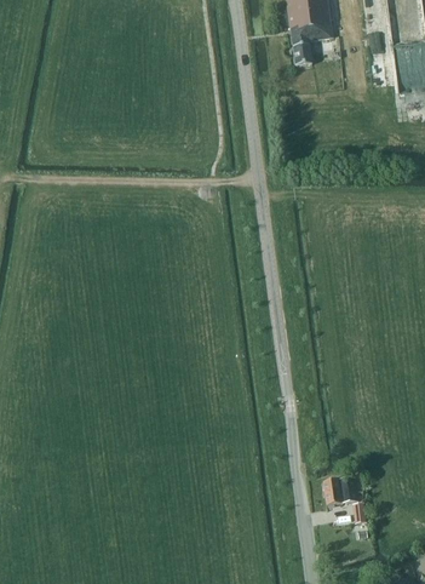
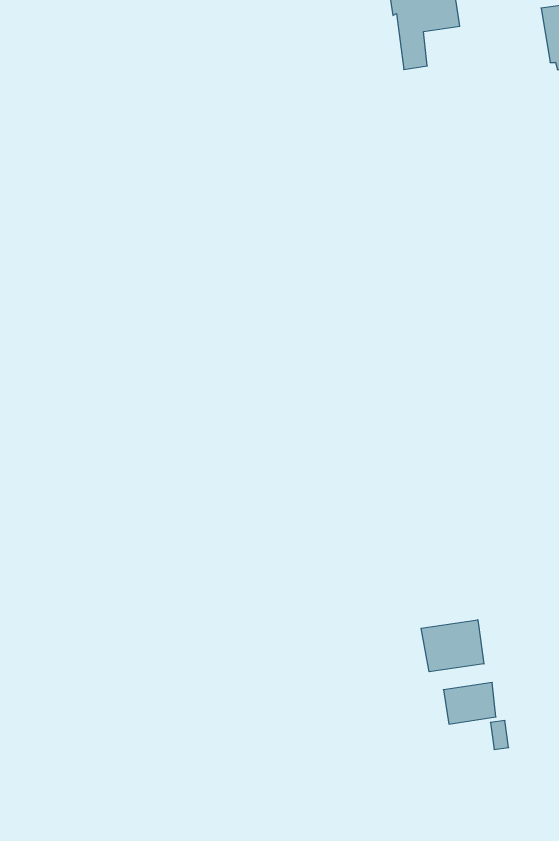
building: none -> [421,620,484,672]

